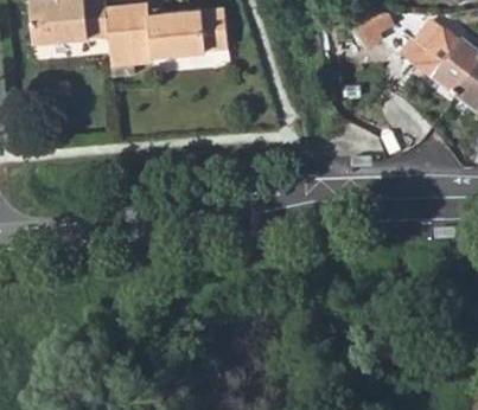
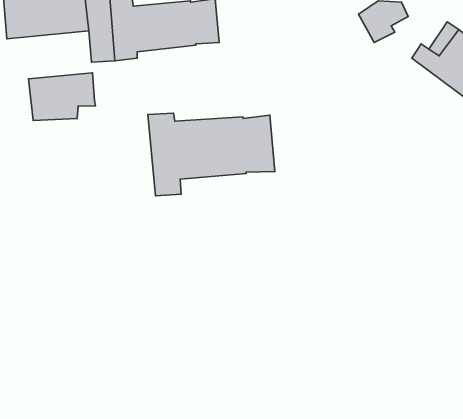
building: none -> [29,73,96,121]
building: none -> [148,113,275,196]

